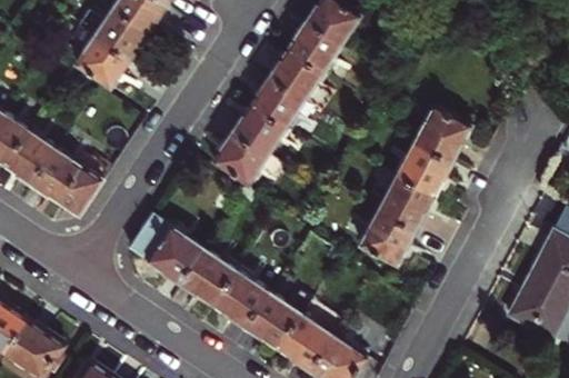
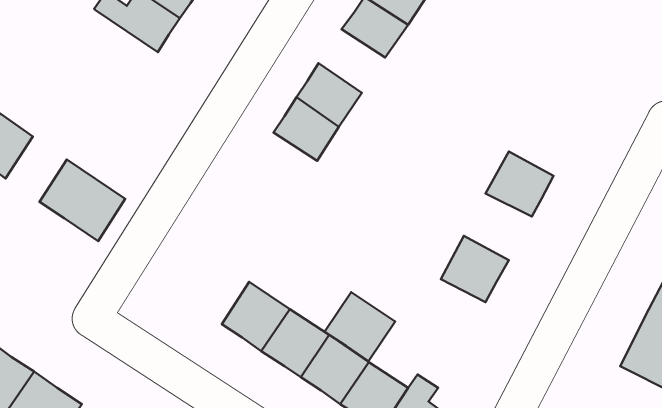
building: [70,27,130,89] -> none
building: [261,42,322,106] -> none
building: [417,107,472,162] -> none
building: [206,127,276,178] -> none
building: [6,130,56,183] -> none
building: [380,177,436,231] -> none
building: [129,213,204,284] -> none
building: none -> [324,292,395,361]

